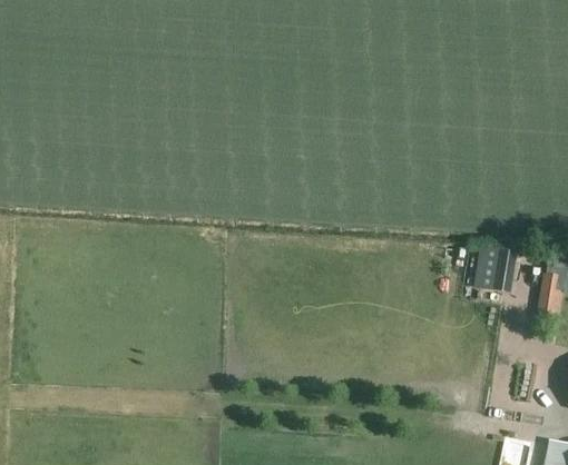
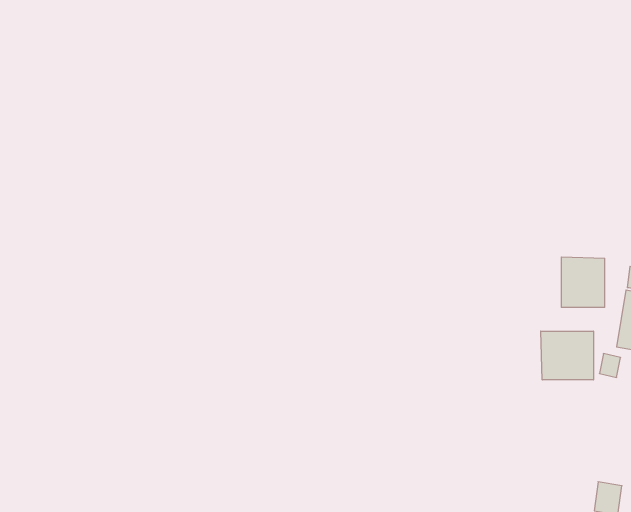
building: none -> [541,331,593,380]

